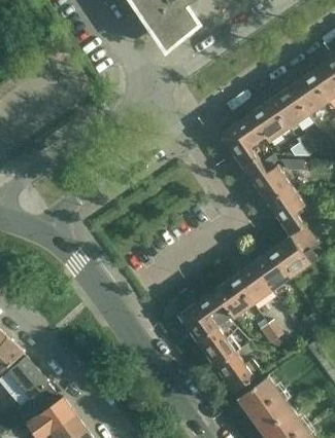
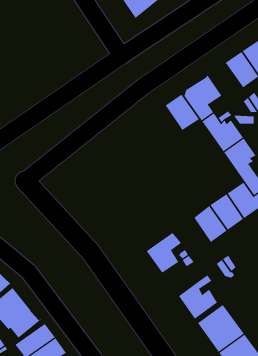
building: [248,100,289,142] -> [165,94,200,131]
building: [208,277,252,319] -> none
building: [196,327,238,366] -> none

